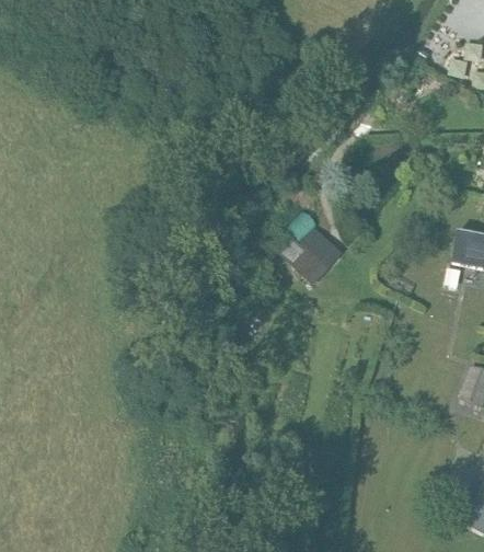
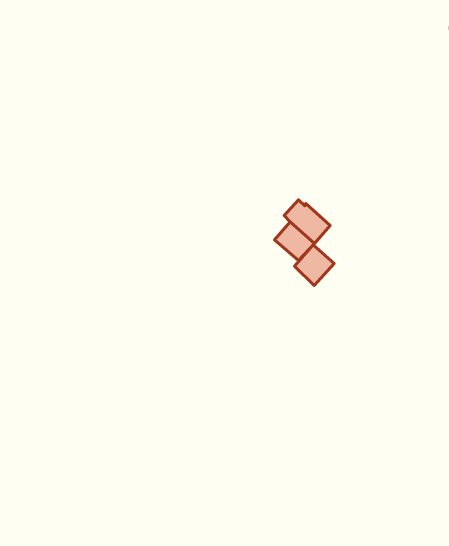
building: none -> [294,245,334,285]

